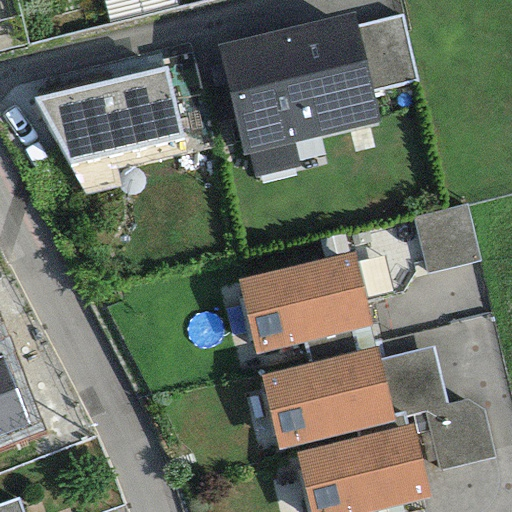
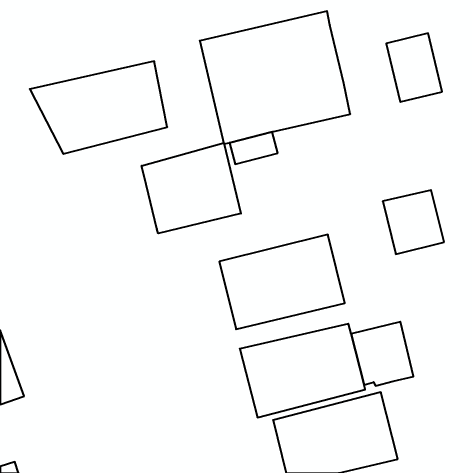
building: [358,16,418,90] -> [386,33,442,102]
building: none -> [142,143,241,233]
building: [426,401,496,471] -> none

